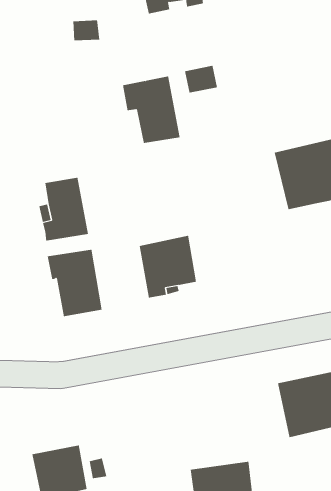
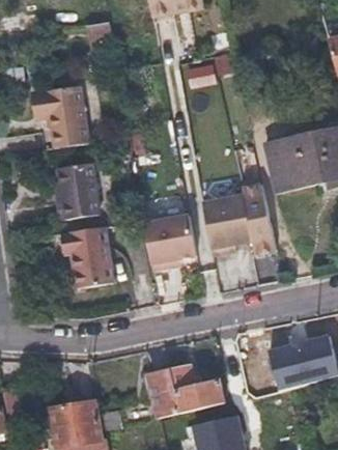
building: [122,76,180,143] -> [38,87,90,147]
building: none -> [203,184,276,255]
building: none -> [147,367,223,418]

